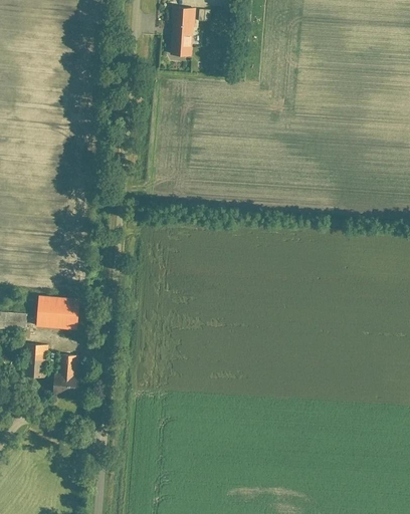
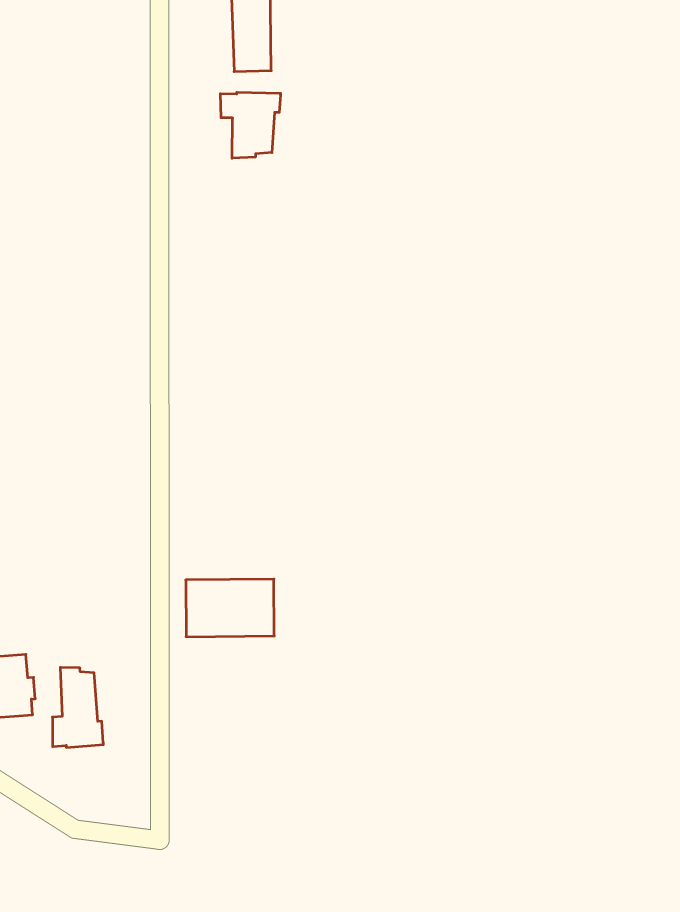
building: none -> [220,92,281,158]
building: [39,296,86,328] -> [186,579,274,637]

